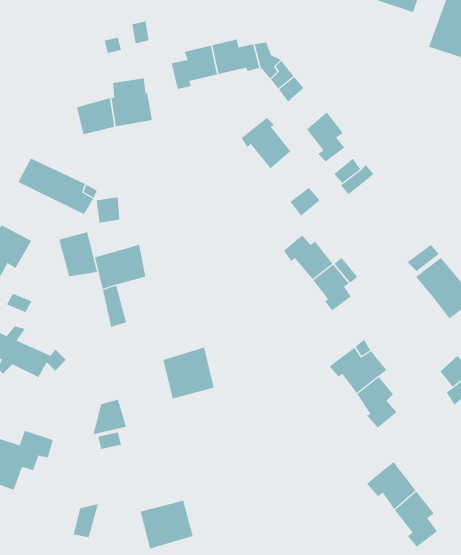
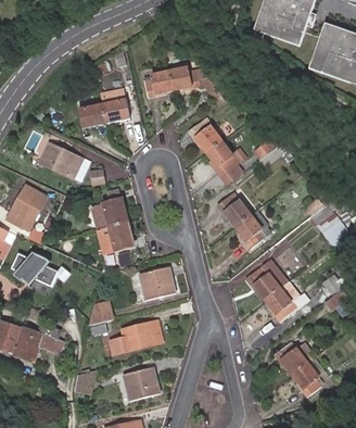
building: [306,112,345,162] -> [206,137,232,171]
building: [59,231,98,277] -> [104,221,130,251]
building: none -> [103,324,156,356]

